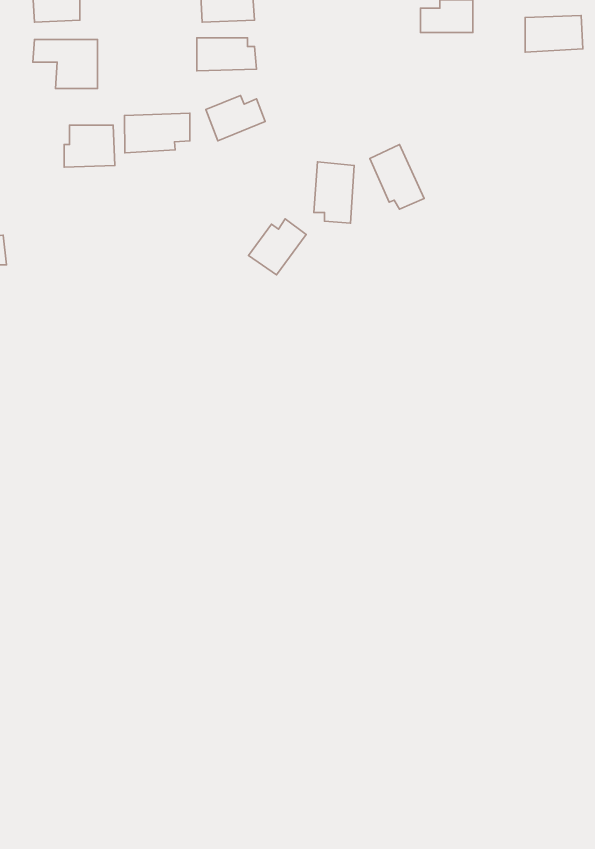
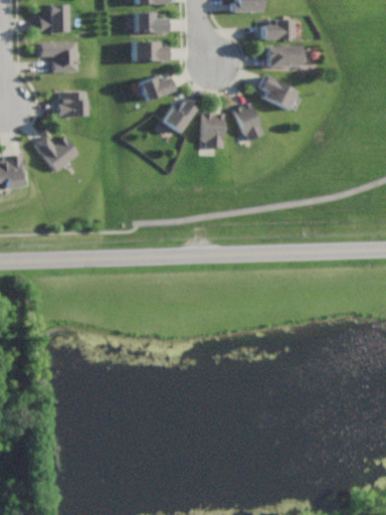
building: [525,16,583,52] -> [267,45,301,66]
building: none -> [258,75,296,110]
building: [124,113,190,153] -> none
building: none -> [34,135,78,171]
building: [249,219,306,275] -> [162,100,195,132]

